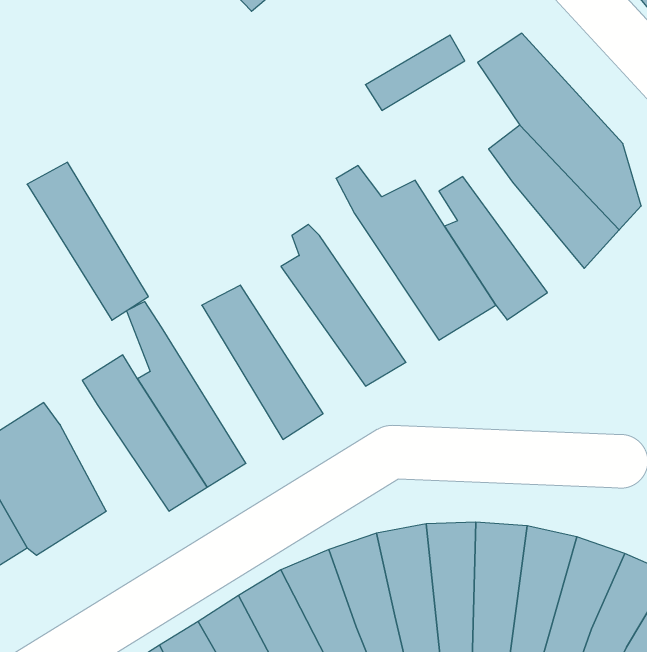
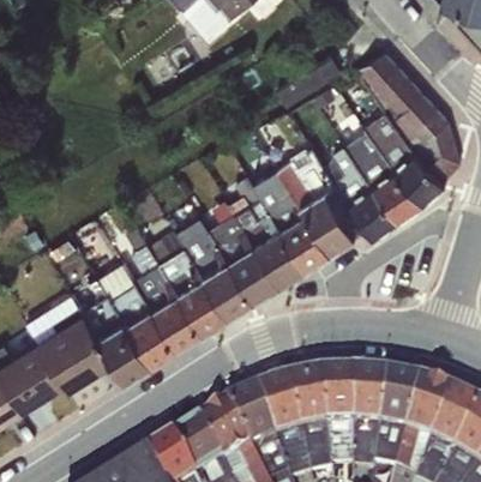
building: none -> [344,135,423,222]
building: [27,162,148,320] -> [148,230,227,333]
building: none -> [251,170,329,267]
building: none -> [199,203,281,301]
building: none -> [82,295,152,382]

